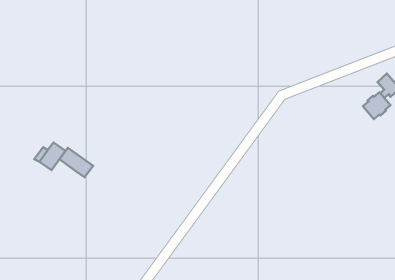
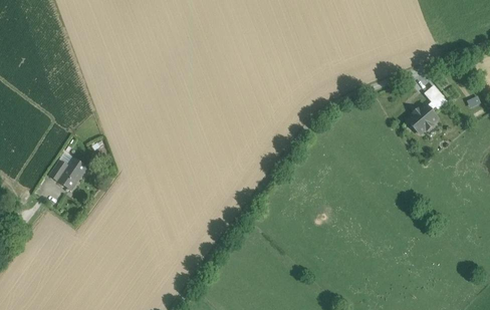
building: [60,148,93,177] -> none

